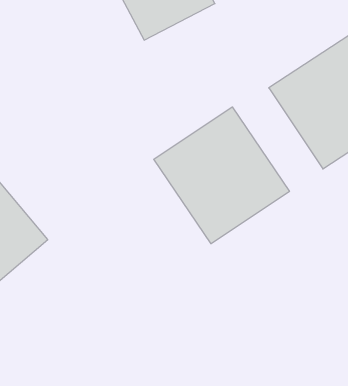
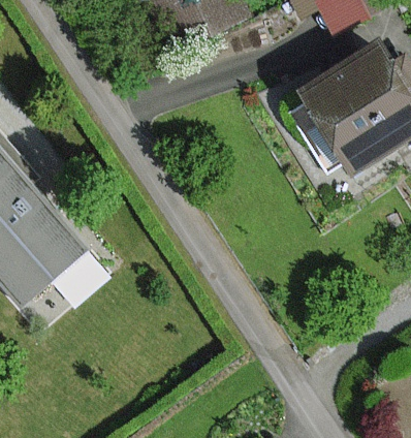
building: [154,107,289,244] -> none

